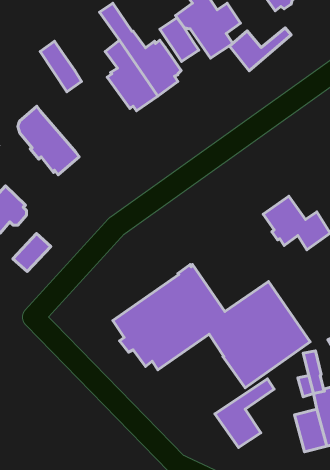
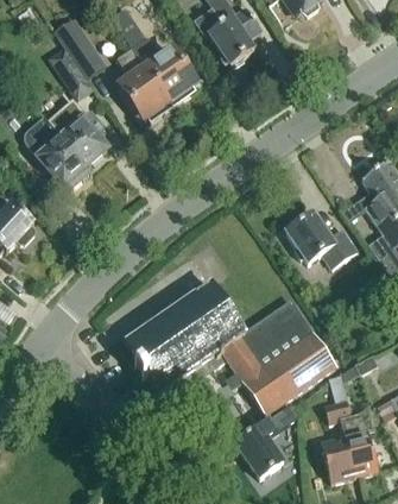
building: none -> [52,15,106,77]
building: [160,18,199,61] -> none
building: [230,28,291,71] -> none
building: none -> [49,99,107,164]
building: [13,234,51,272] -> none

